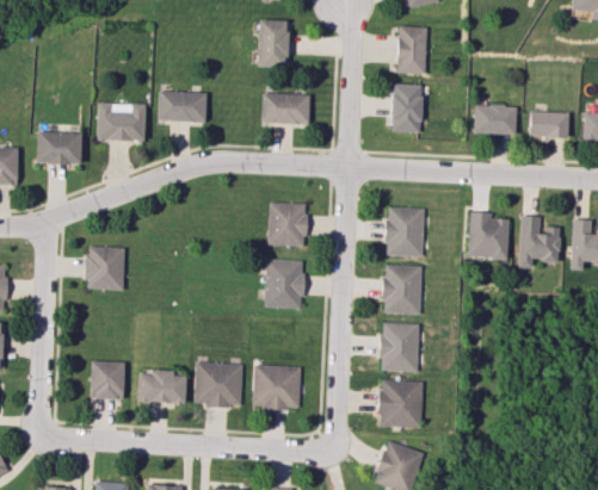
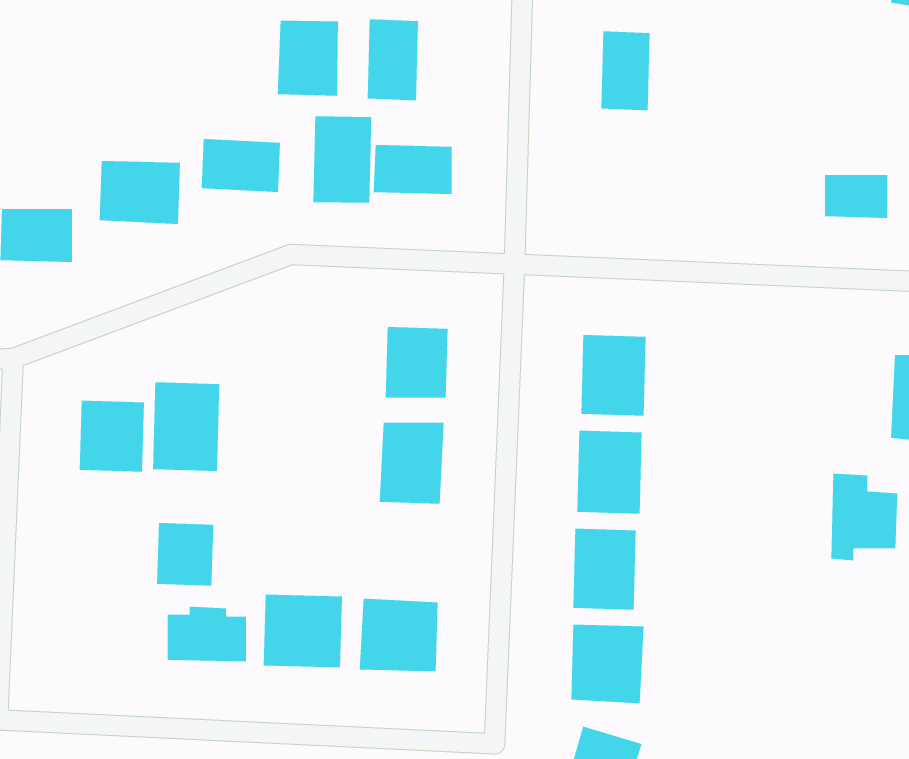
building: none -> [277,20,339,96]
building: none -> [313,115,372,204]
building: [392,83,424,132] -> none
building: [475,105,518,135] -> none
building: [469,212,510,259] -> none
building: [519,216,560,268] -> [830,473,898,561]
building: none -> [153,382,220,472]
building: [91,361,125,399] -> [156,522,214,586]

